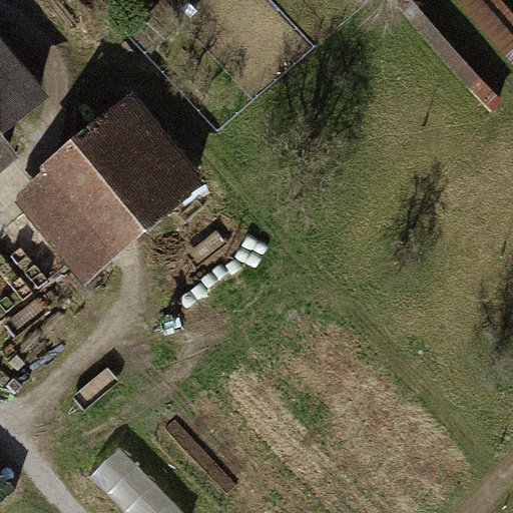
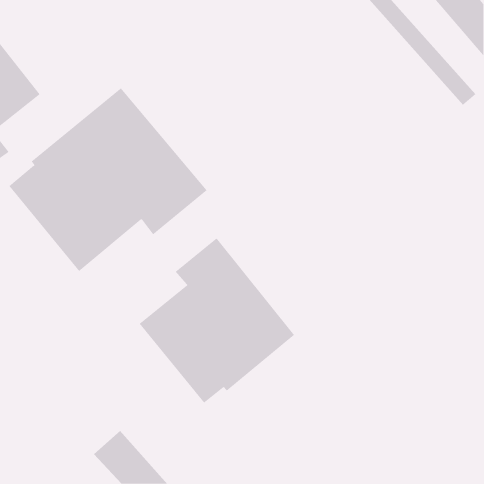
building: none -> [139,238,295,403]

